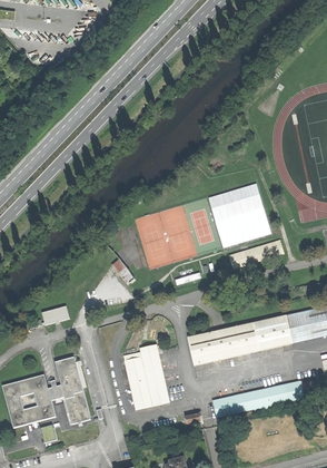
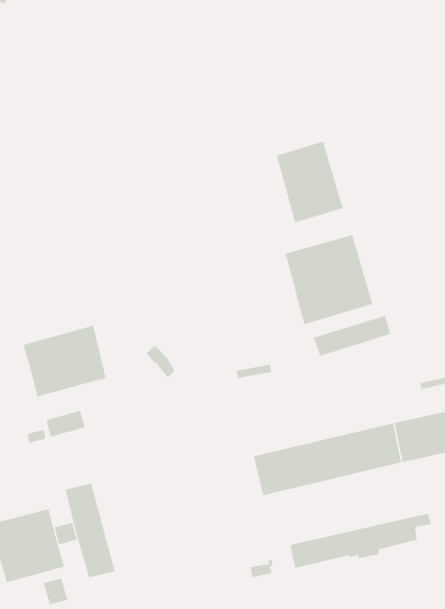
building: none -> [276,141,343,223]
building: none -> [23,325,106,397]
building: [123,349,168,409] -> none

